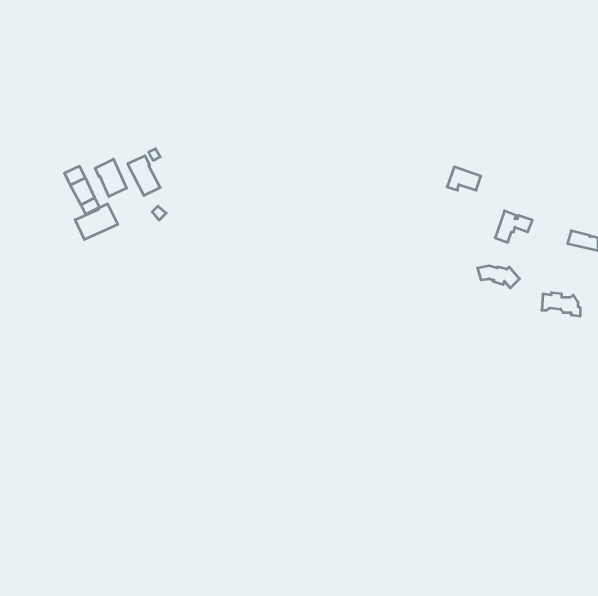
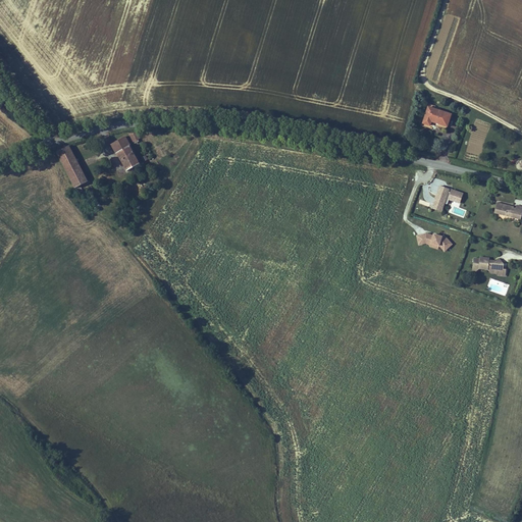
building: [95,159,127,197] -> none
building: [447,167,481,190] -> [422,105,452,125]
building: [75,204,118,240] -> none

